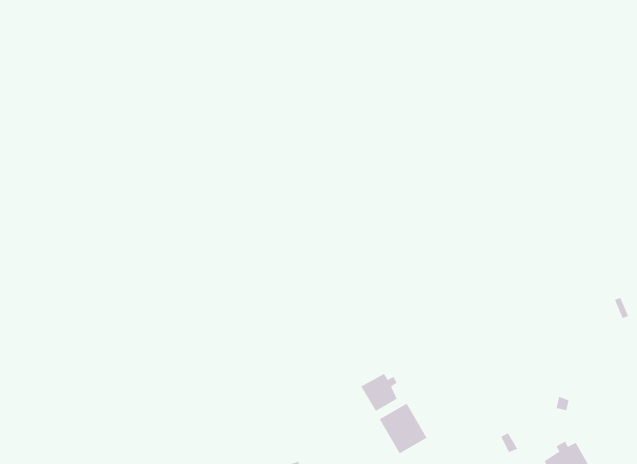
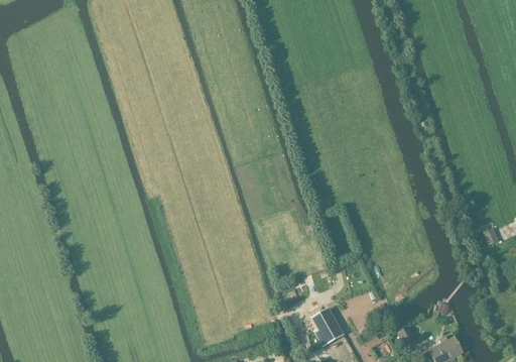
building: [361,373,397,412] -> none

